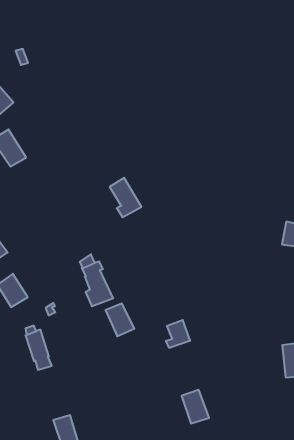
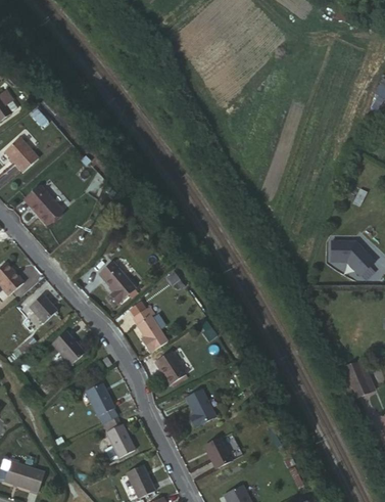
building: [110,178,141,217] -> [100,263,135,303]
building: [166,320,190,348] -> [188,398,213,427]
building: none -> [103,417,134,460]
building: [182,390,209,424] -> [202,438,233,472]

